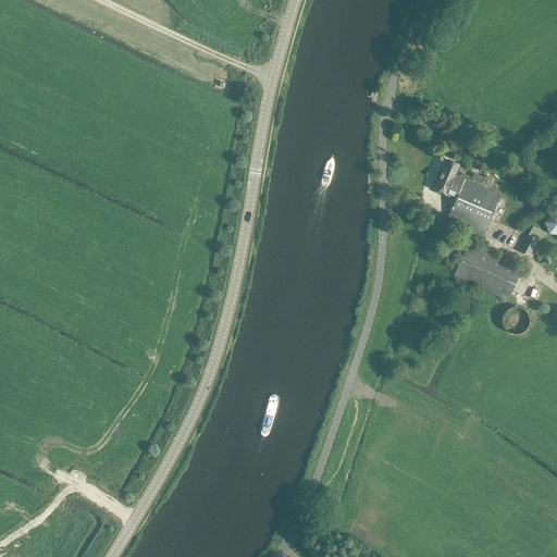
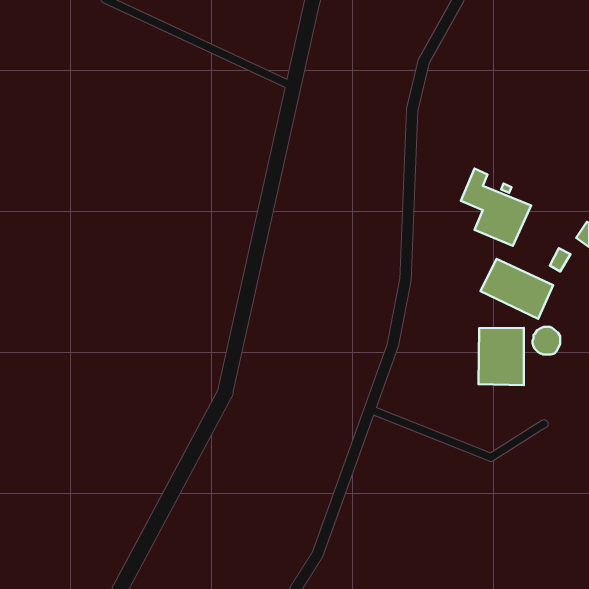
building: none -> [478,328,524,385]

